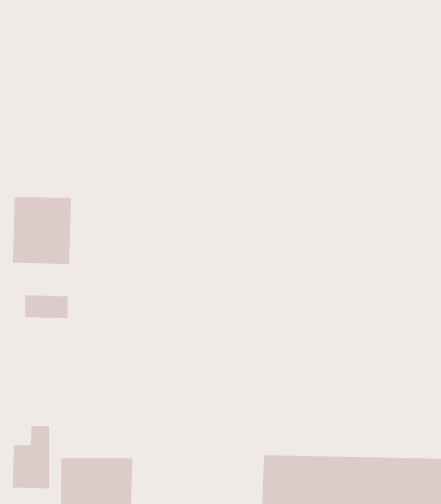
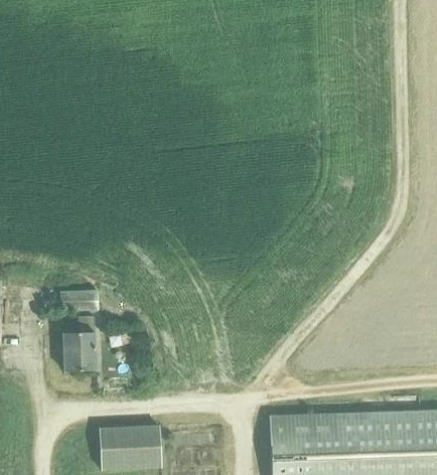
building: [12,197,71,265] -> none
building: [12,426,50,489] -> [63,317,97,371]

